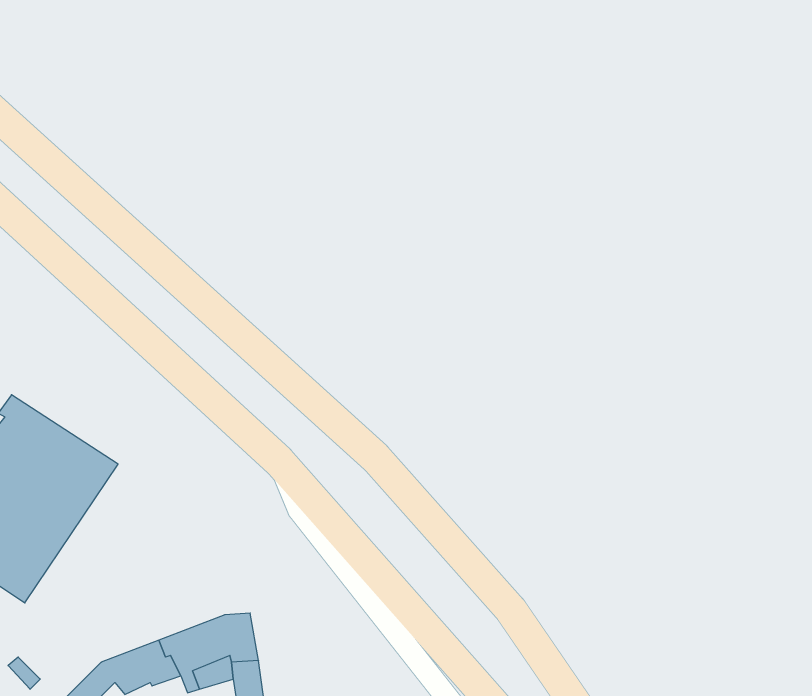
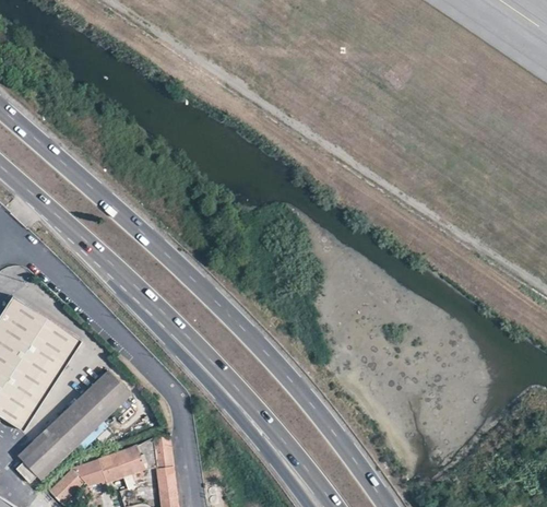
building: none -> [15,372,130,480]

